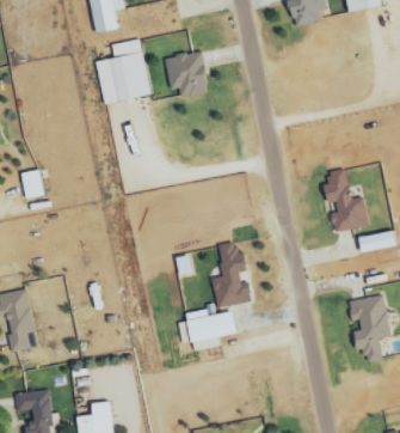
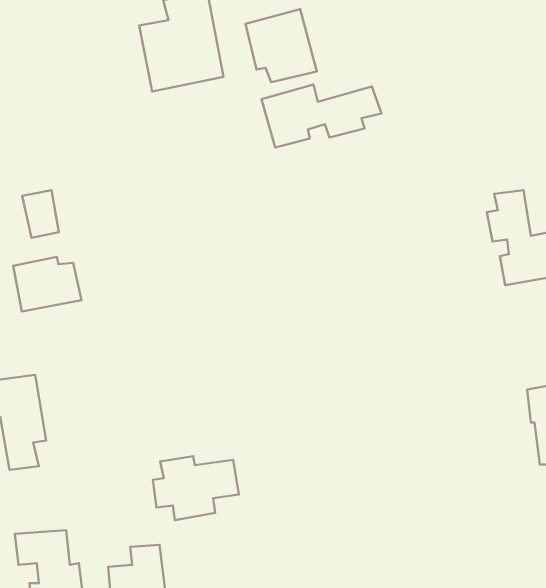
building: none -> [262,84,381,148]
building: none -> [13,257,81,311]
building: [211,242,251,306] -> none
building: [179,309,235,350] -> [153,456,239,520]

